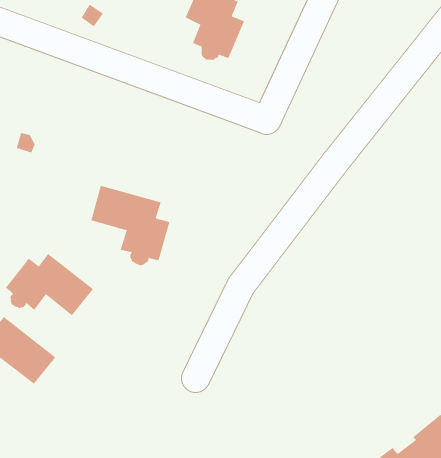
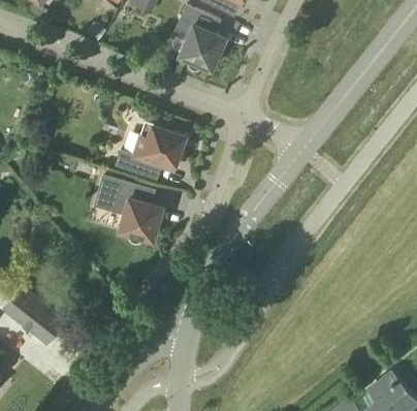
building: none -> [117,122,189,178]
building: [5,253,94,316] -> none

